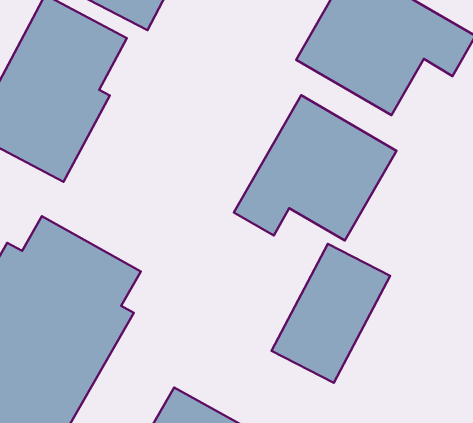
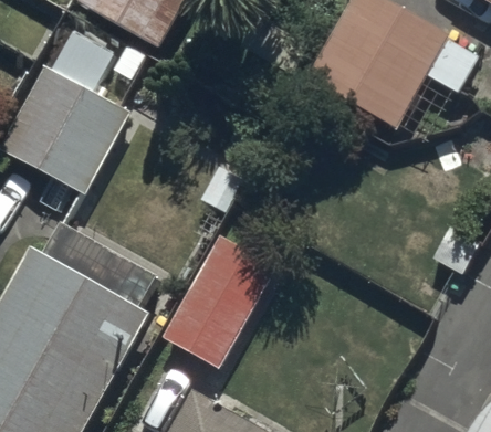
building: [234,95,397,241] -> none
building: [272,244,390,383] -> [160,236,274,370]

